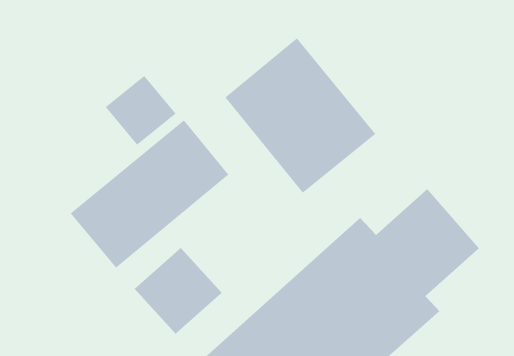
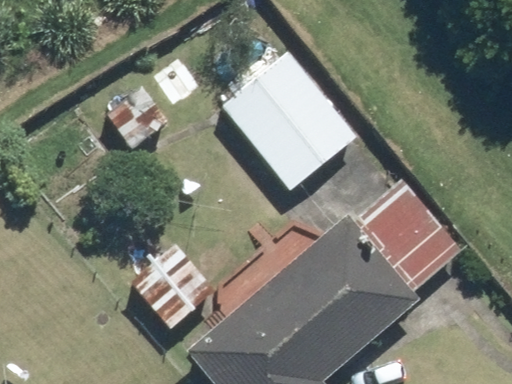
building: [70,120,229,268] -> none

